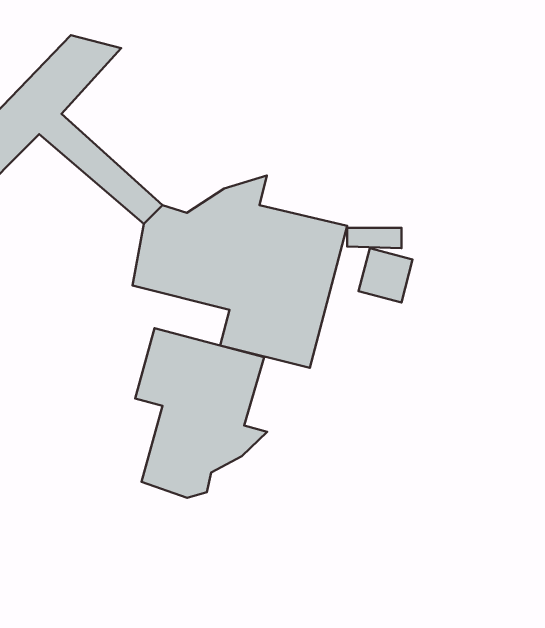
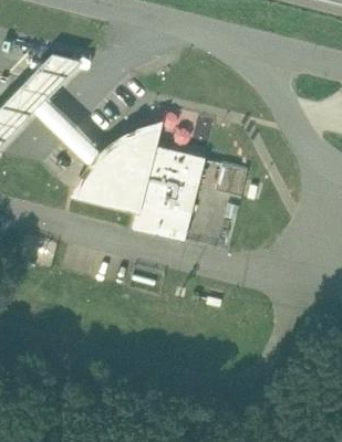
building: [135,328,267,498] -> none

